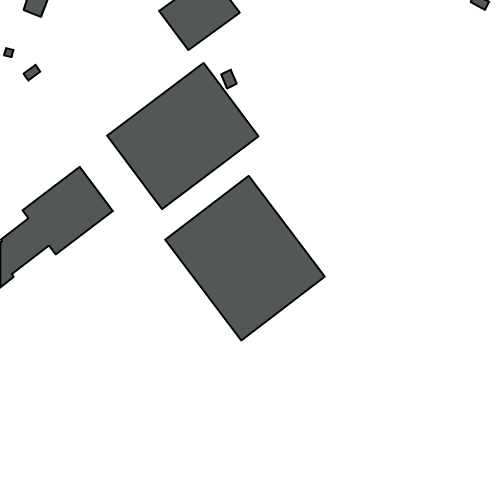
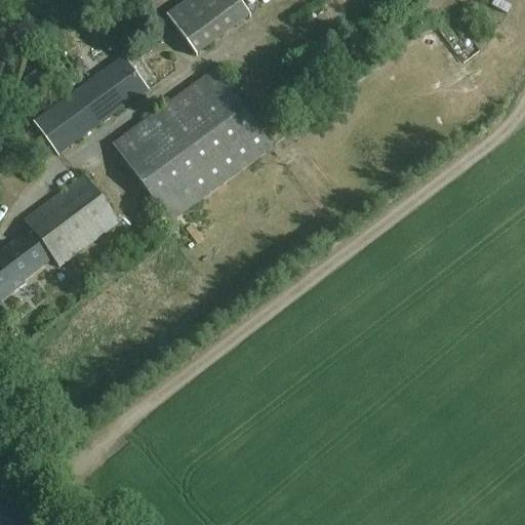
building: none -> [35,54,146,150]
building: [165,176,325,340] -> none

